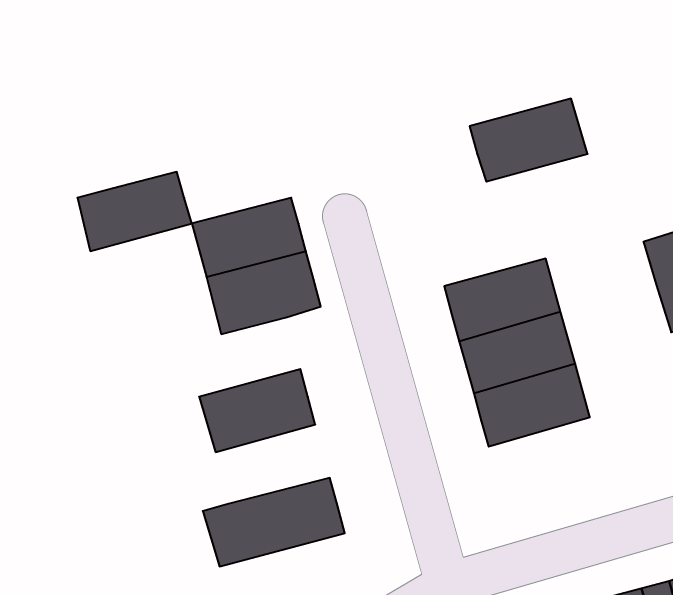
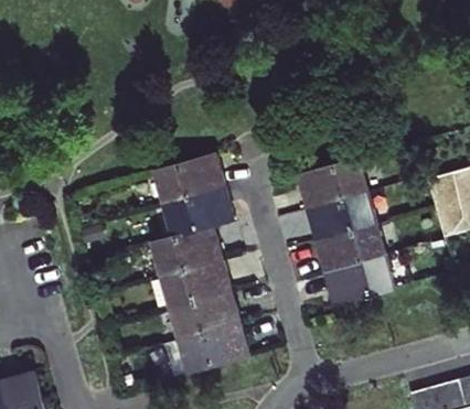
building: [470,99,588,182] -> [298,158,368,207]
building: [77,172,192,251] -> [153,226,222,273]
building: none -> [171,290,239,337]

